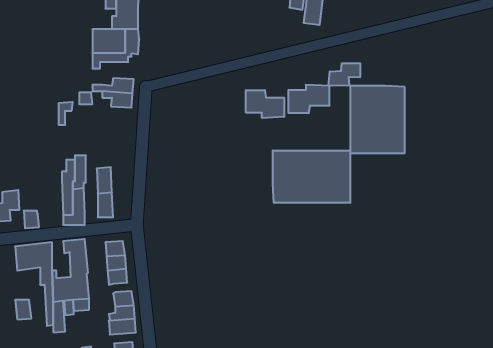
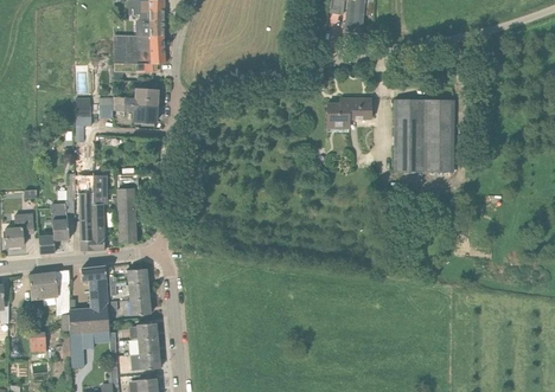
building: [329,63,360,86] -> none
building: [246,90,284,118] -> none
building: [273,150,350,203] -> none
building: none -> [50,203,69,238]

